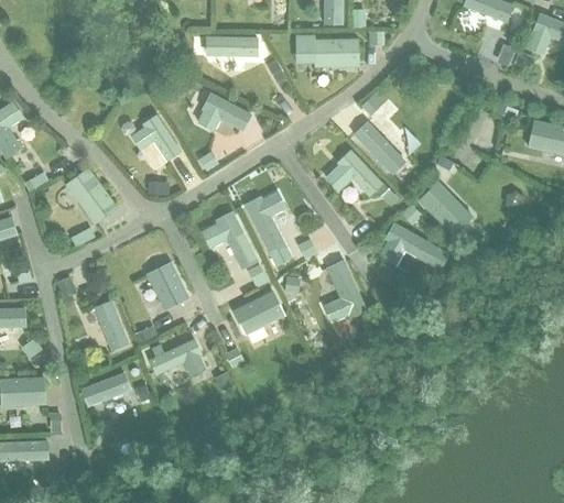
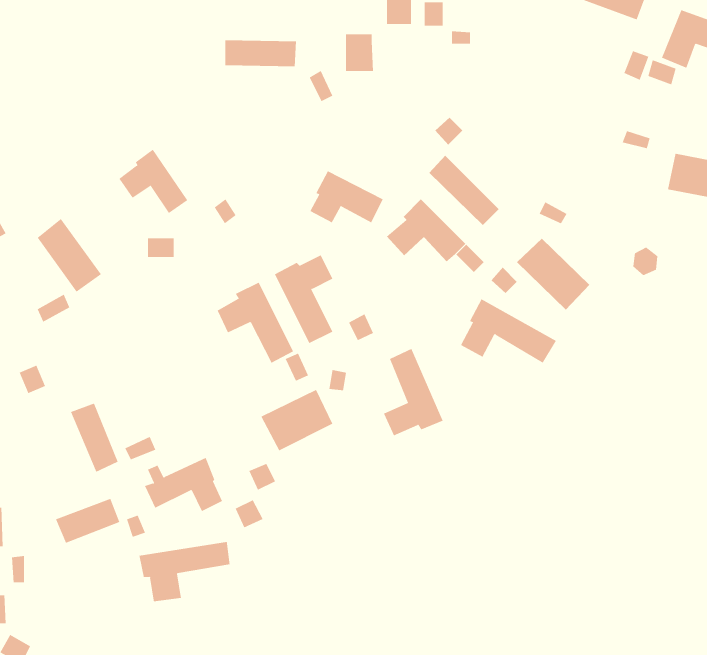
building: [314,37,358,66] -> none
building: [198,91,252,130] -> [309,170,383,223]
building: [147,260,187,308] -> none
building: none -> [139,541,230,602]

